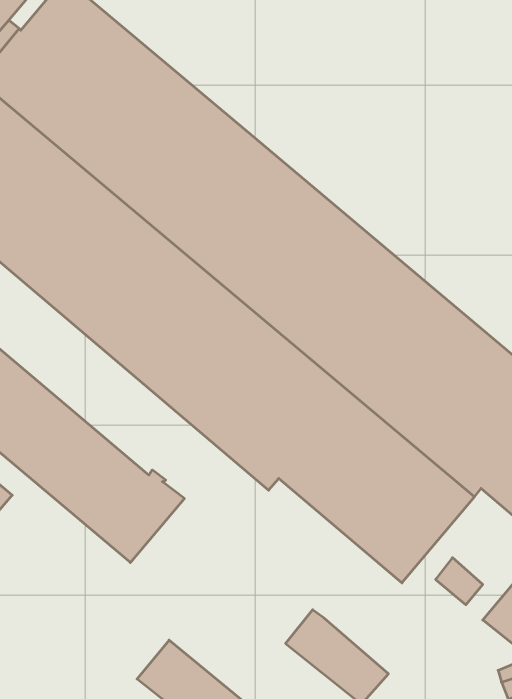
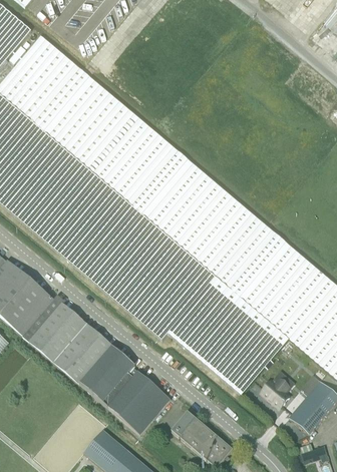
building: none -> [79,345,171,434]

